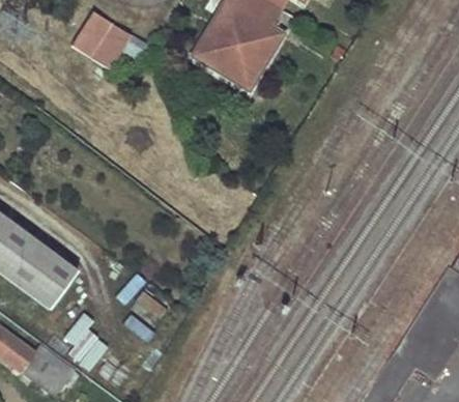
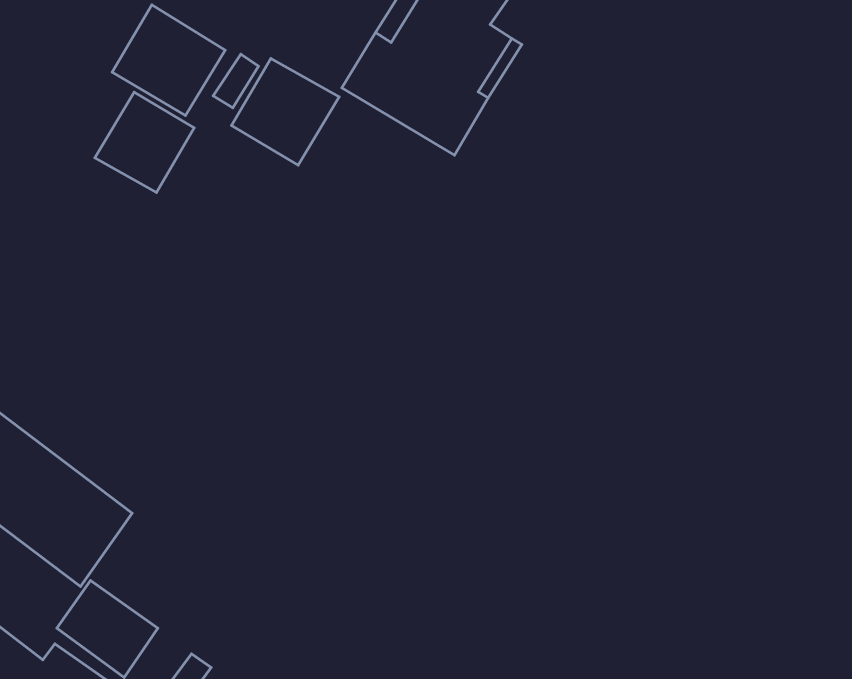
building: none -> [232,58,339,165]
building: none -> [95,92,194,192]

